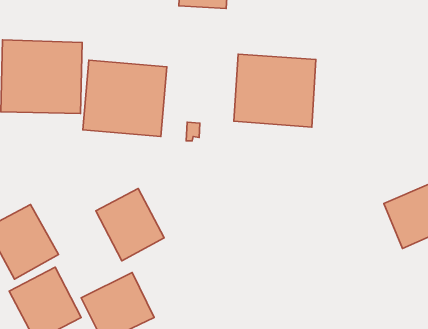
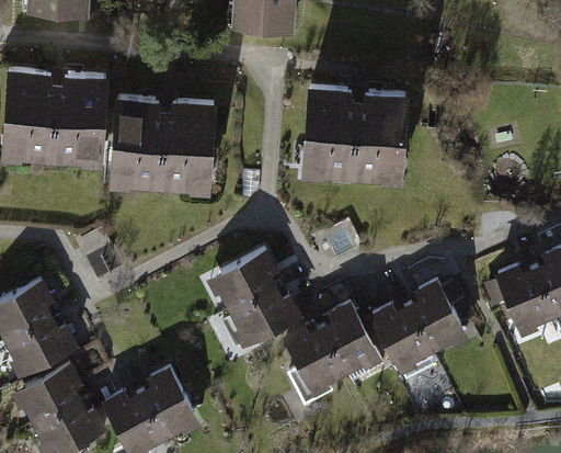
building: [96,189,164,261] -> [211,253,300,347]
building: none -> [370,287,466,377]
building: none -> [285,313,375,396]

